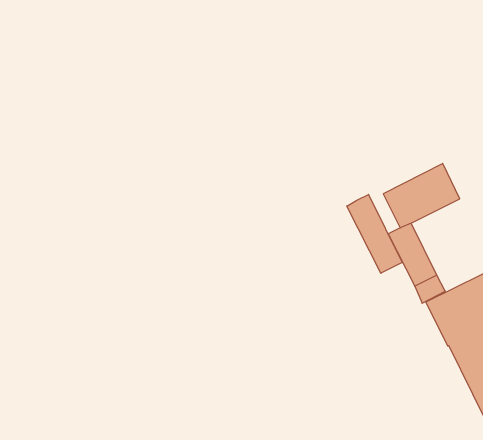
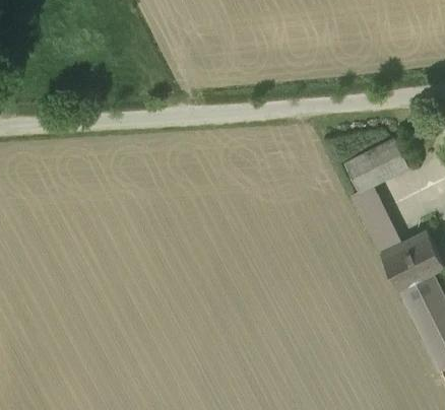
building: [347,194,402,273] -> none

